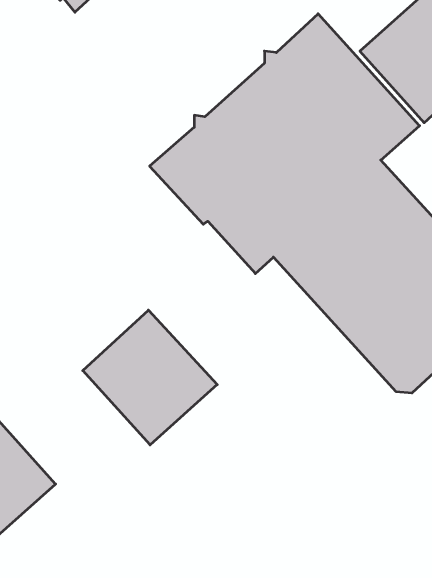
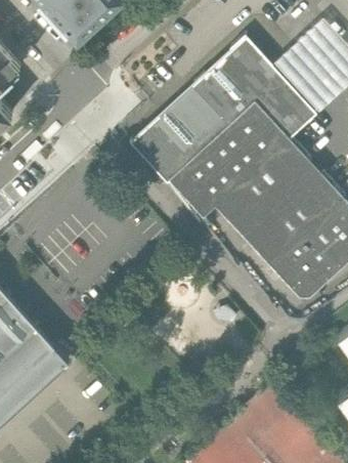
building: [83,310,217,445] -> none

